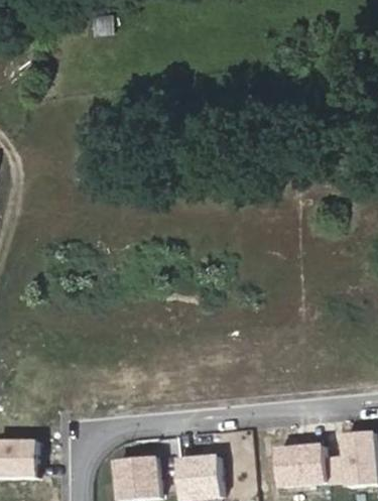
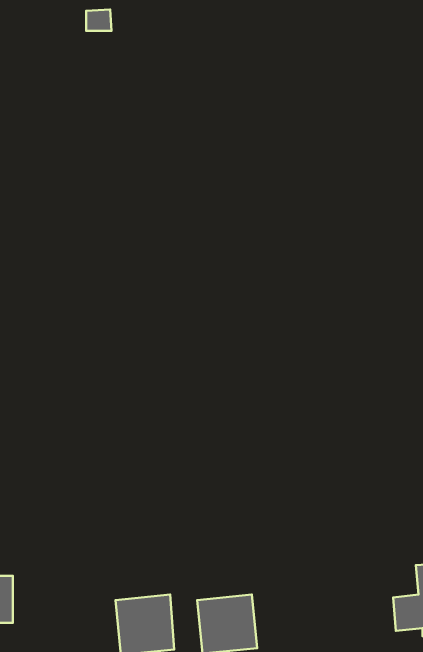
building: [279,447,328,486] -> none

